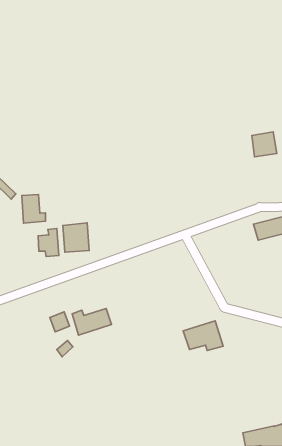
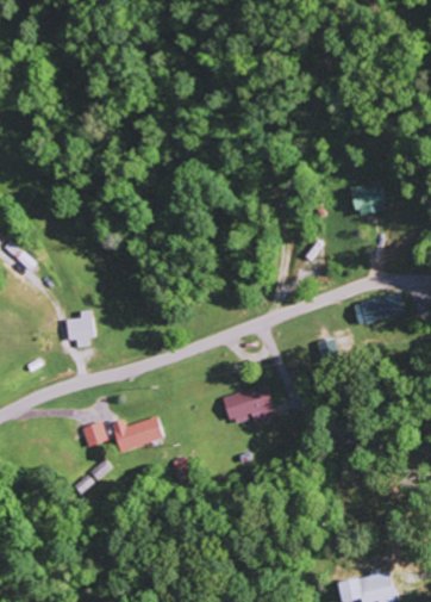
building: [22,194,46,223] -> none
building: [63,223,89,252] -> none
building: [183,321,223,350] -> [221,385,275,424]

